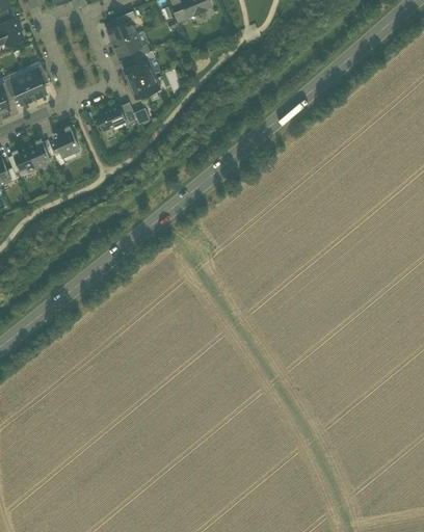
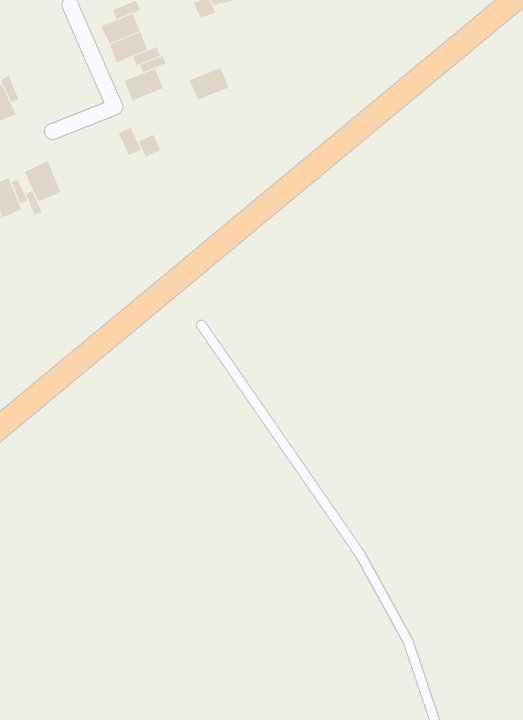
building: [129,75,158,99] -> [189,67,229,101]
building: [95,105,125,131] -> none

